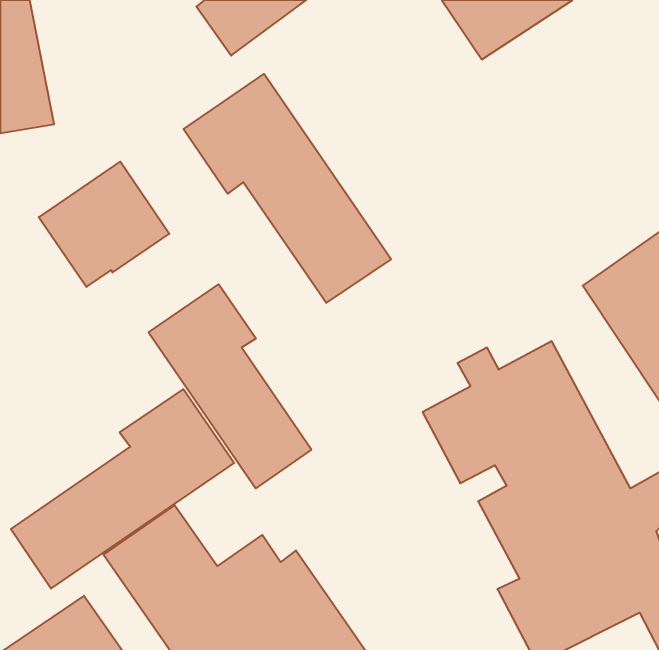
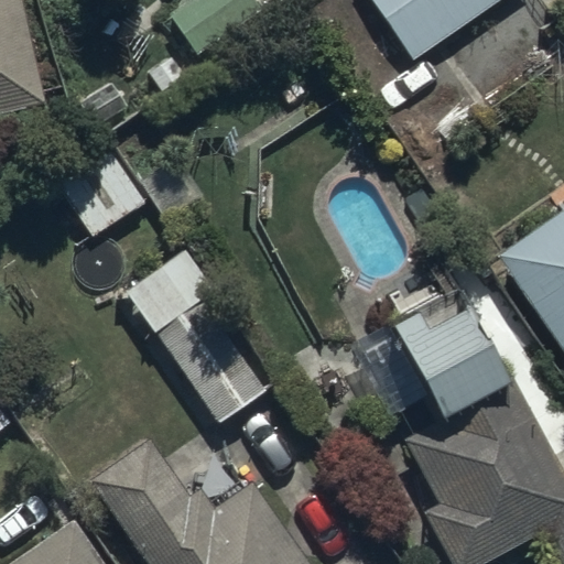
building: [184,74,391,303] -> none
building: [11,389,234,589] -> none

